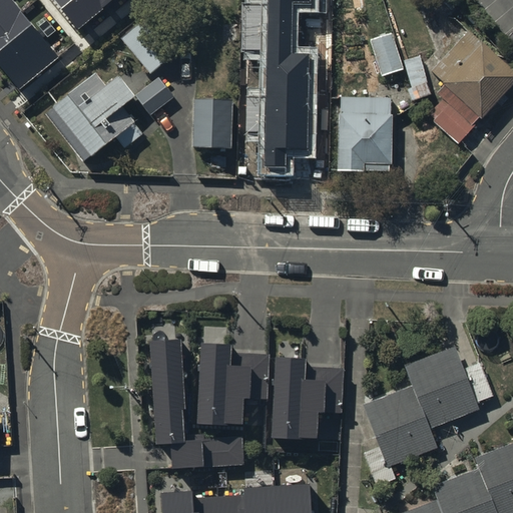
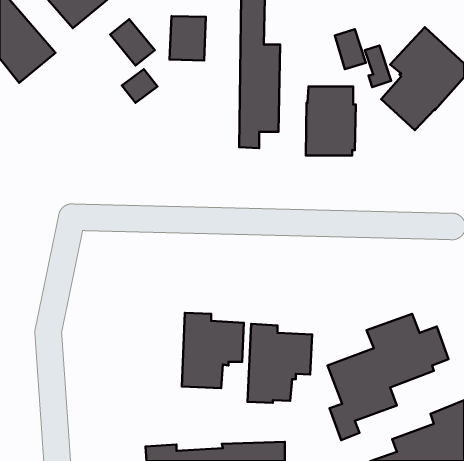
building: [44,73,143,163] -> none
building: [191,98,231,147] -> [170,16,206,61]
building: [150,340,244,472] -> none

